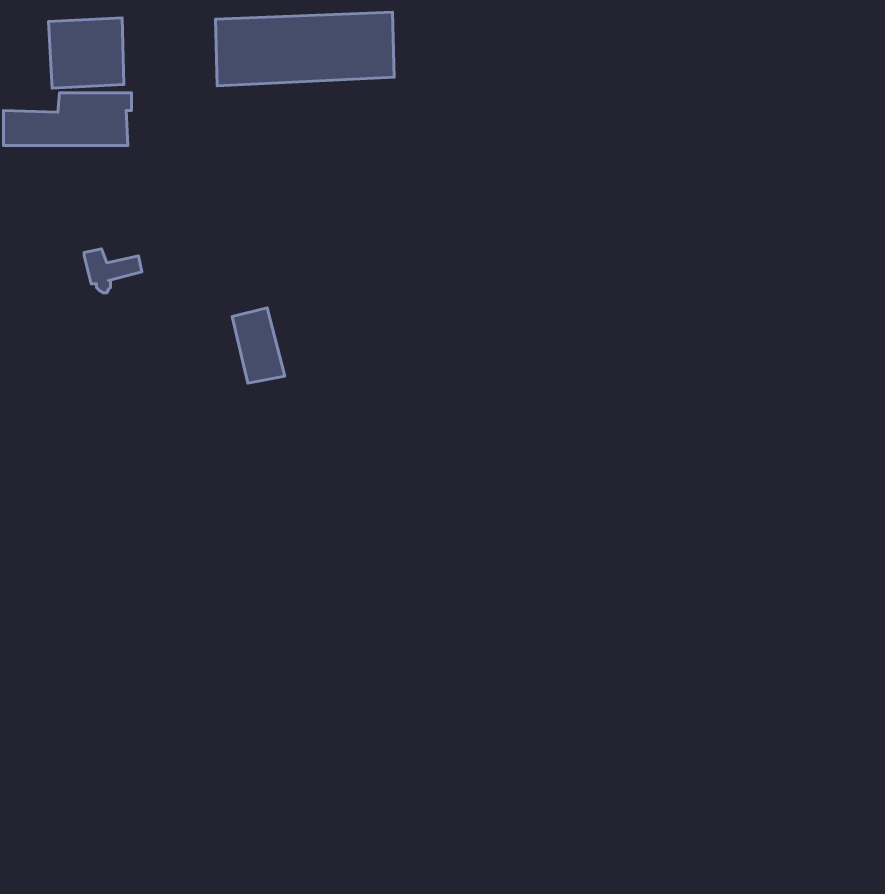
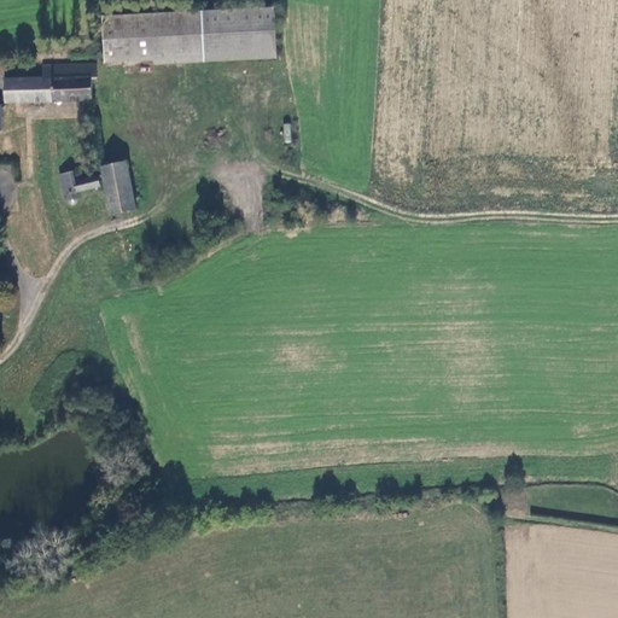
building: [49,18,124,88] -> [98,14,150,63]
building: [232,308,285,383] -> [101,162,138,214]

